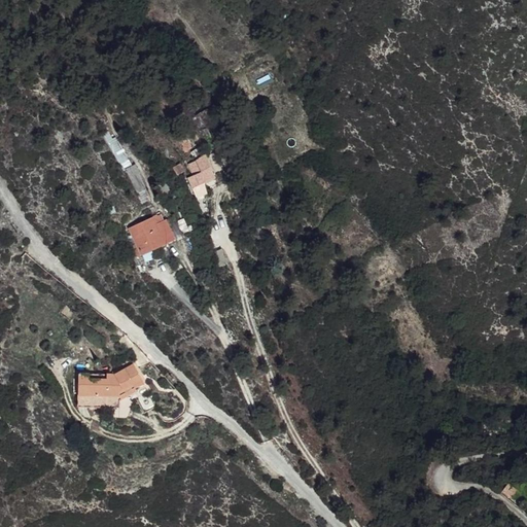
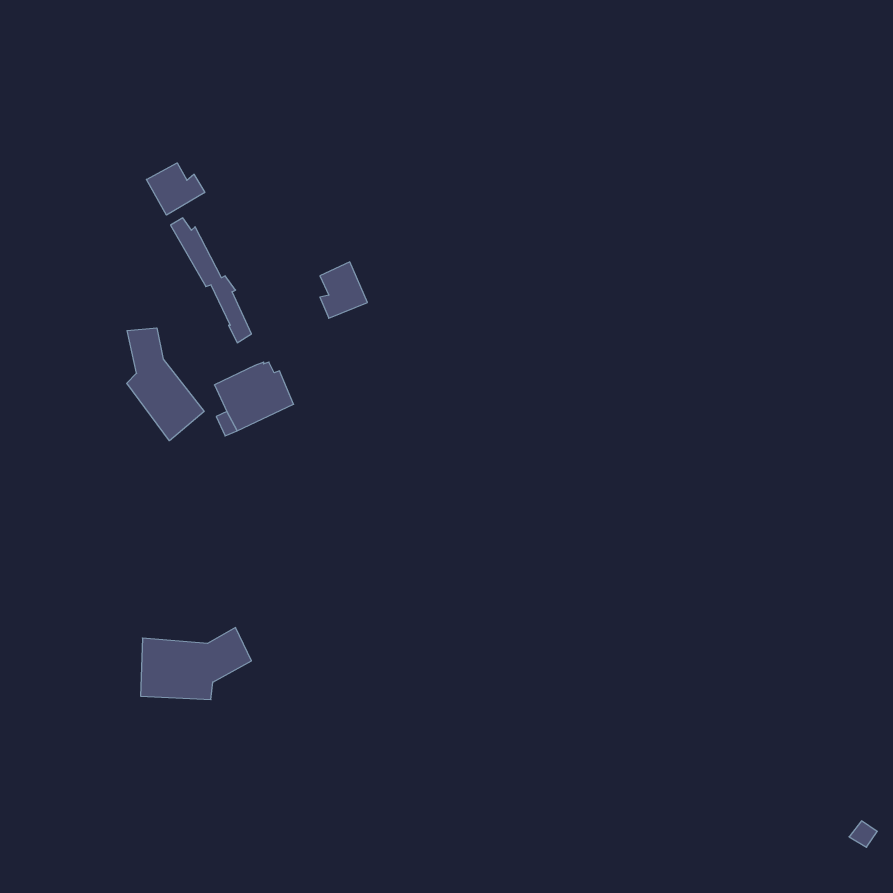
building: none -> [146,163,205,215]
building: none -> [127,328,204,441]

